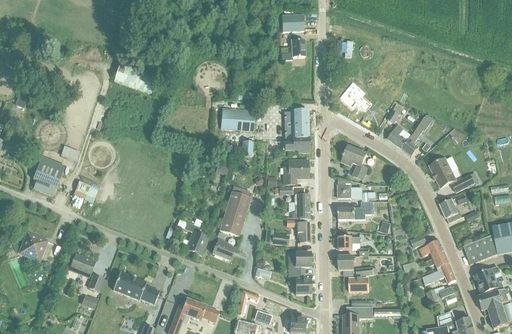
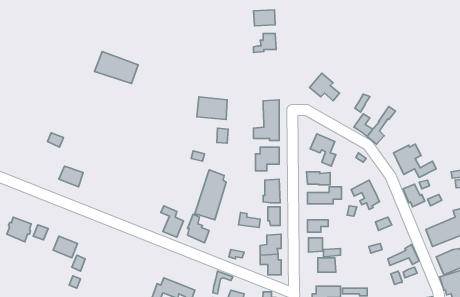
building: [33,156,65,195] -> none
building: [419,239,449,270] -> [351,180,380,210]
building: [113,271,160,304] -> none

